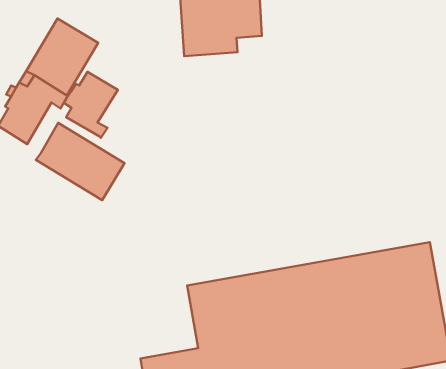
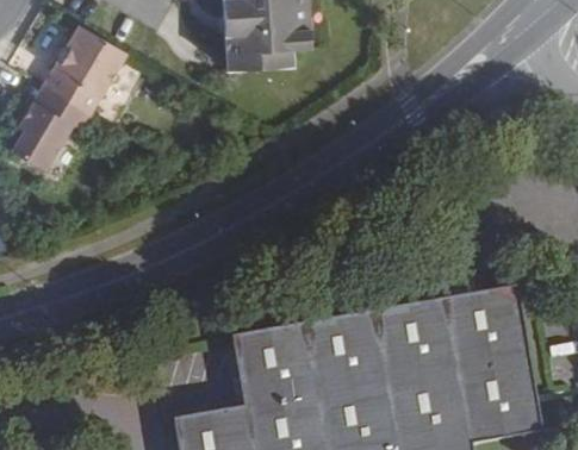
building: [64,72,118,138] -> none
building: [36,123,124,200] -> none

